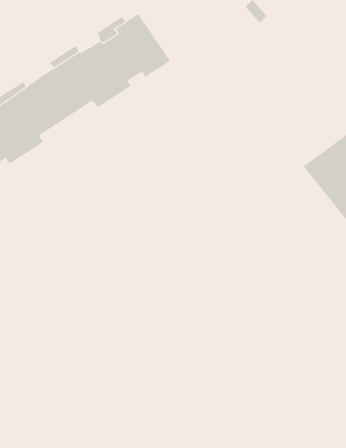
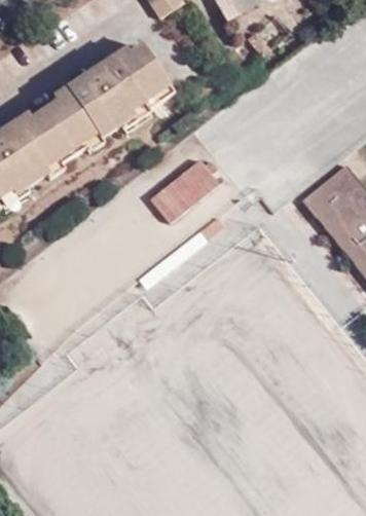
building: none -> [146,151,222,220]

